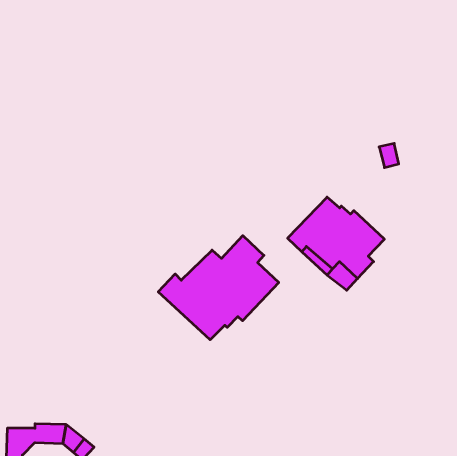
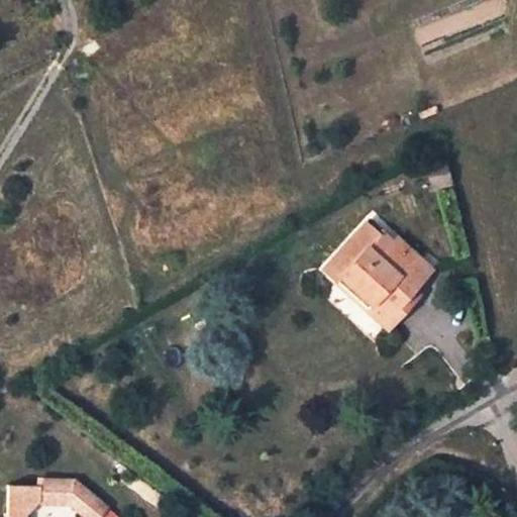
building: [158,236,279,340] -> none

